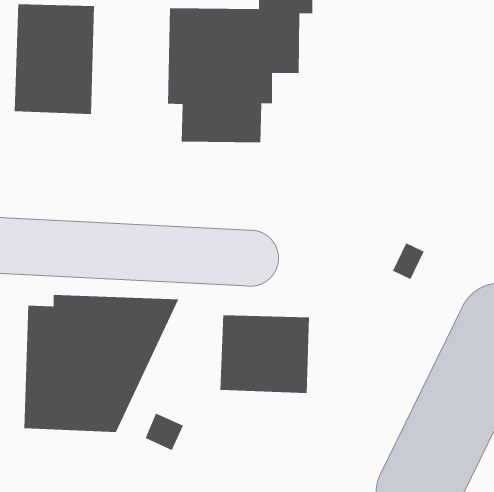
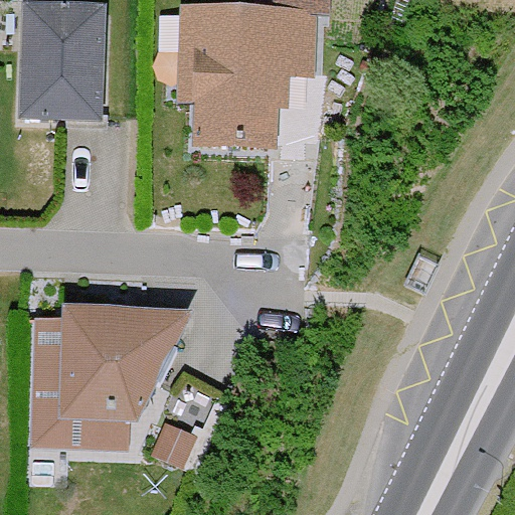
building: [220,314,310,394] -> none

